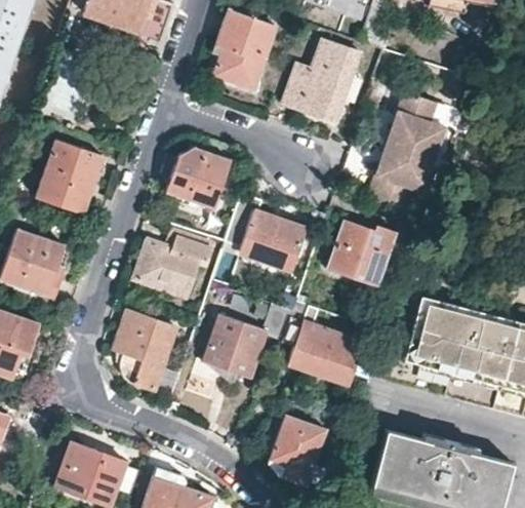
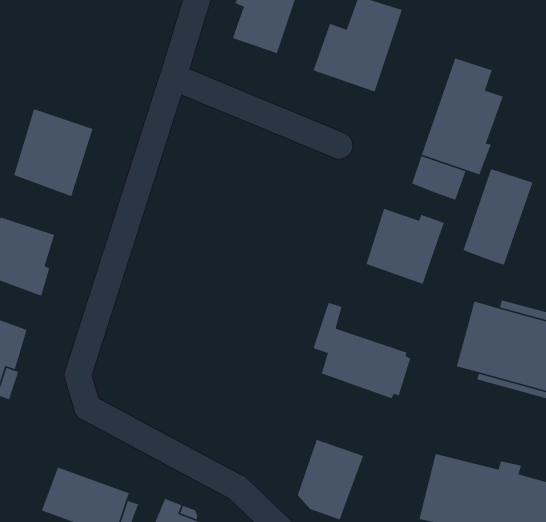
building: [167,149,230,209] -> none
building: none -> [462,168,533,266]
building: [223,195,306,270] -> none
building: [139,240,202,296] -> none
building: [203,305,293,379] -> none
building: [117,312,175,377] -> none

